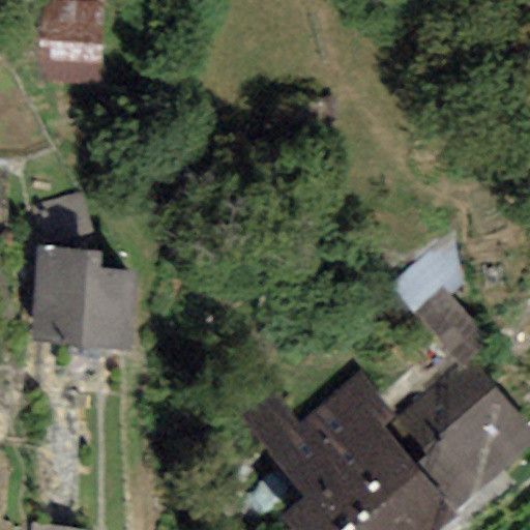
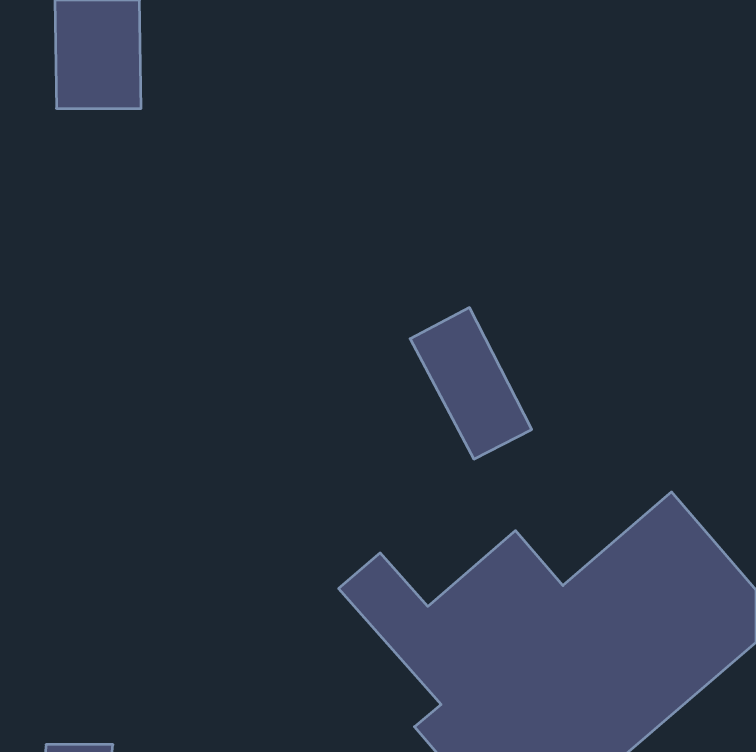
building: [406,240,491,346] -> [410,308,532,459]
building: [27,245,130,349] -> none

